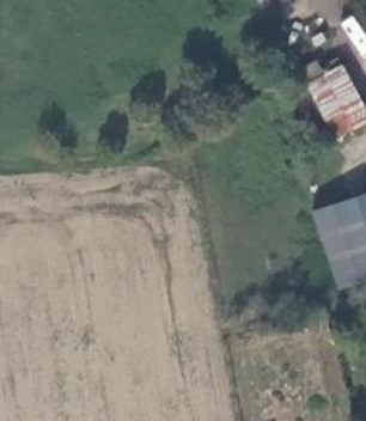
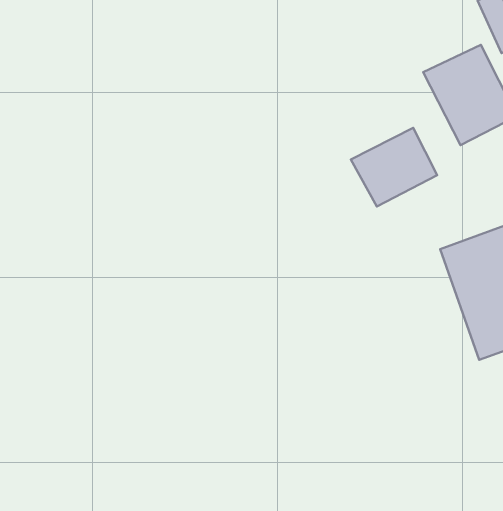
building: none -> [351,128,437,207]

